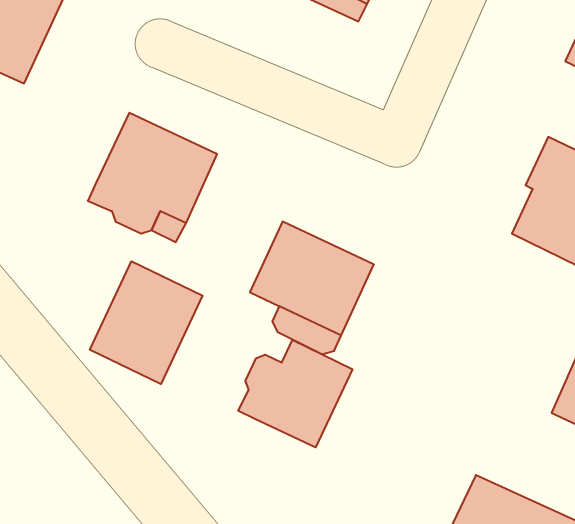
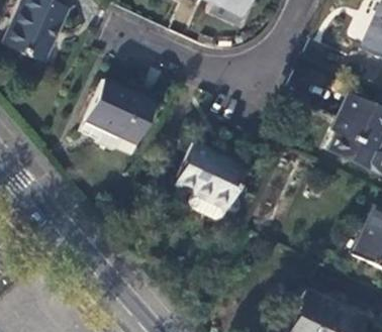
building: [90,261,203,384] -> none
building: [238,340,352,447] -> none

